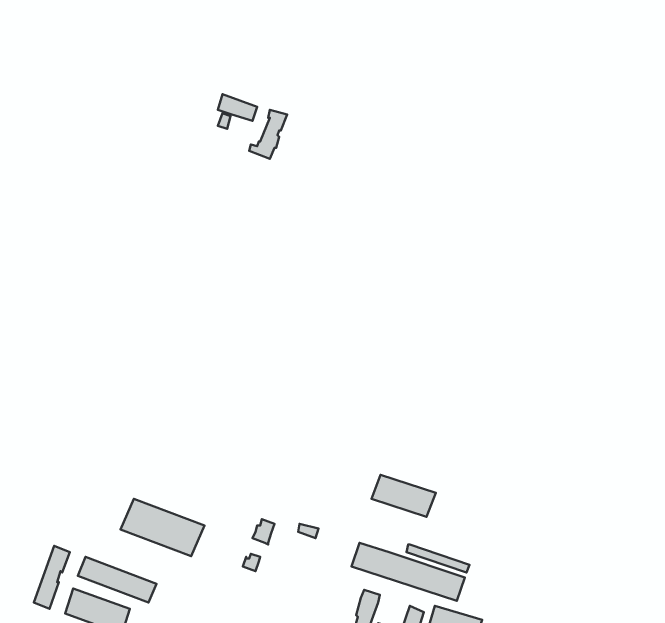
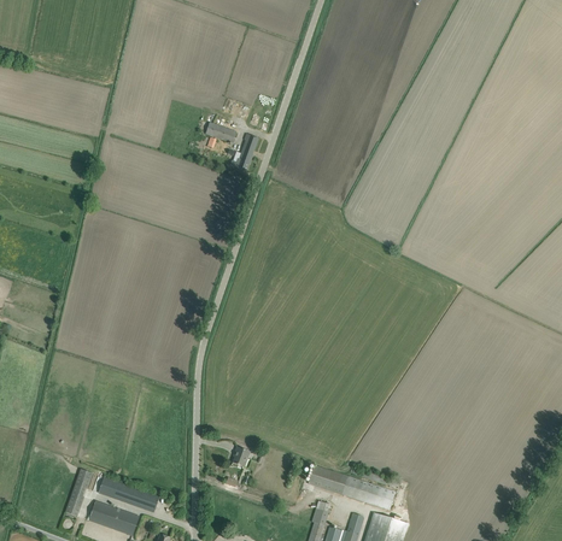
building: [372,475,436,517] -> none
building: [121,499,204,556] -> none

